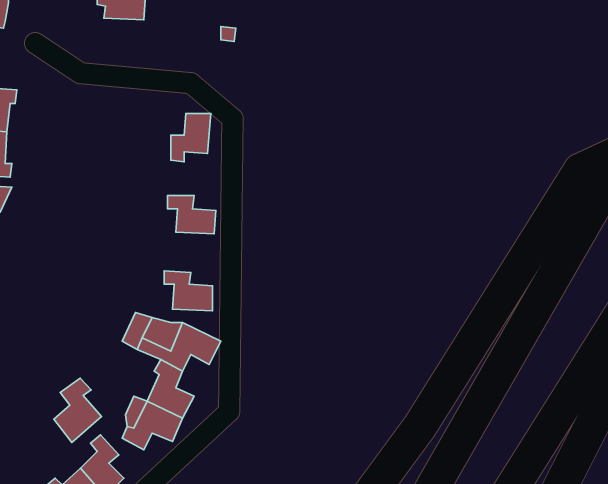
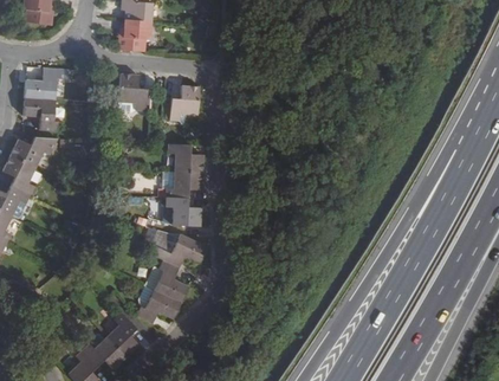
building: none -> [116,18,151,50]
building: none -> [118,73,145,110]
building: none -> [163,169,201,198]
building: [54,378,101,443] -> none

